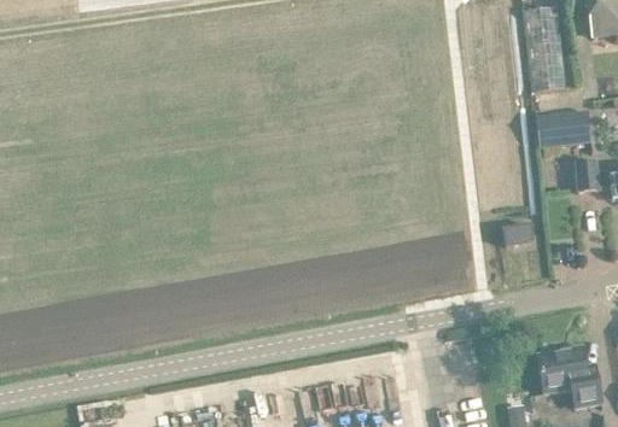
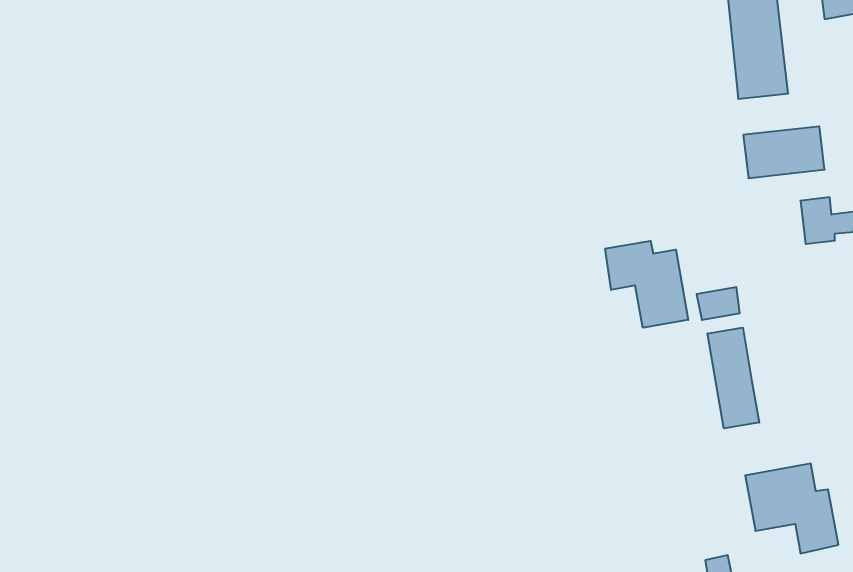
building: none -> [605,241,688,328]
building: none -> [707,328,759,428]

